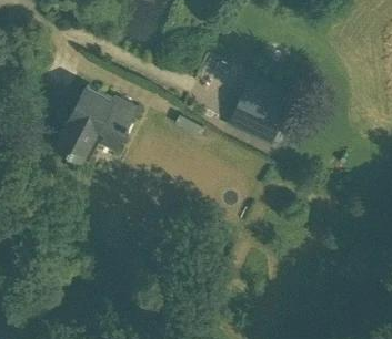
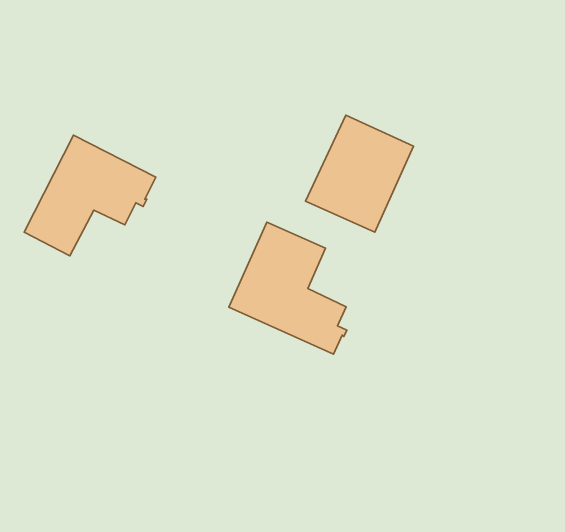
building: none -> [229,222,347,354]

